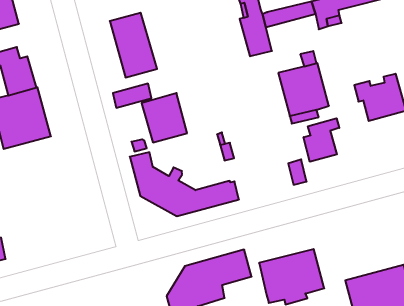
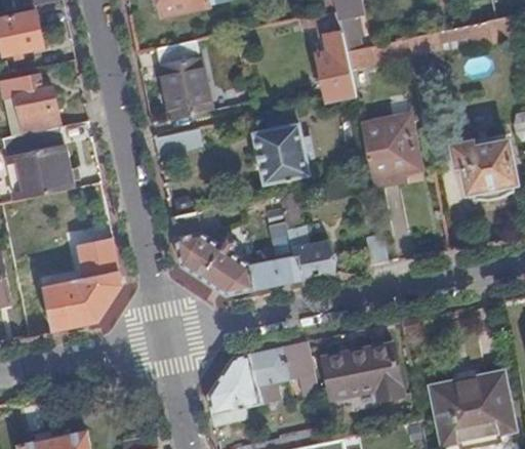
building: [142,93,187,142] -> [254,123,309,182]
building: [304,118,339,162] -> none
building: none -> [290,237,334,278]
building: none -> [44,239,122,330]

